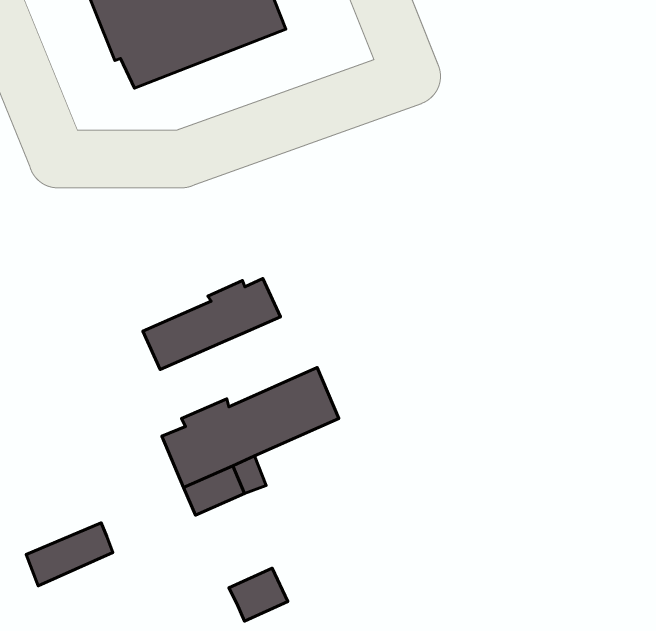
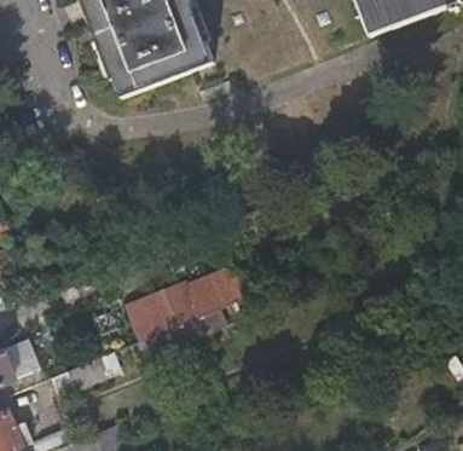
building: [143,279,280,369] -> none

